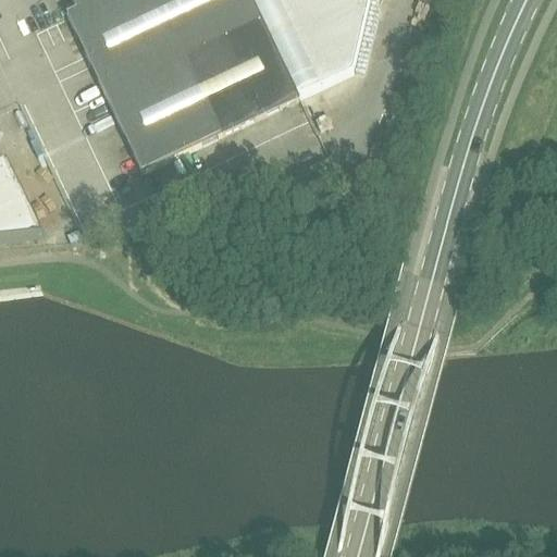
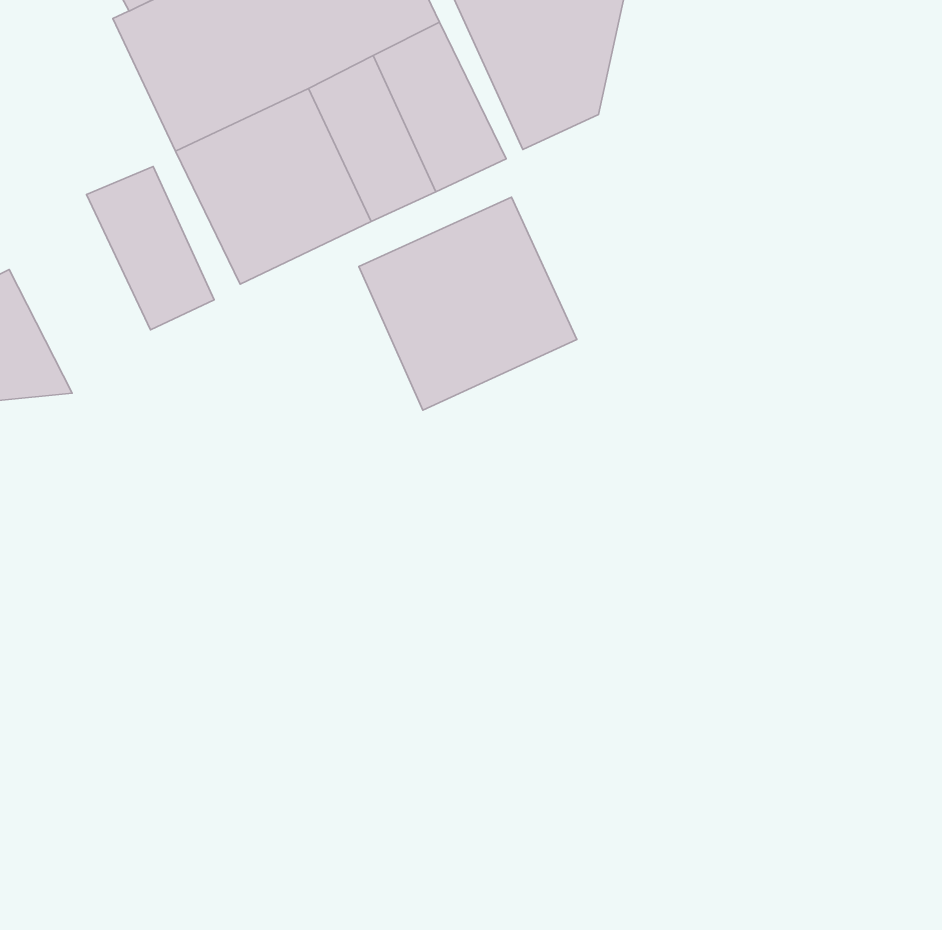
building: none -> [86,167,214,330]
building: none -> [359,197,577,410]

